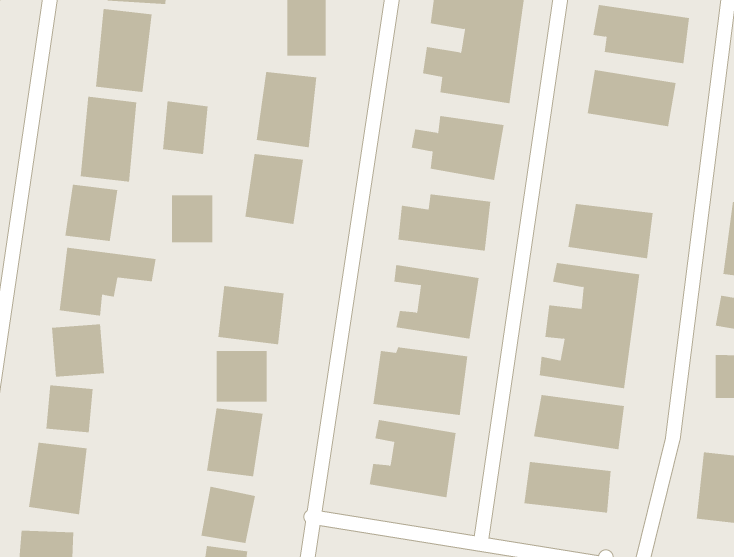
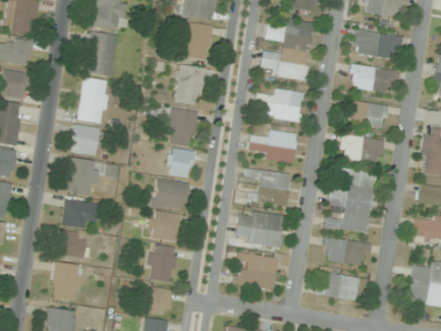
building: [163,101,208,155] -> none
building: none -> [343,99,388,129]
building: [171,195,213,243] -> [170,150,192,175]

